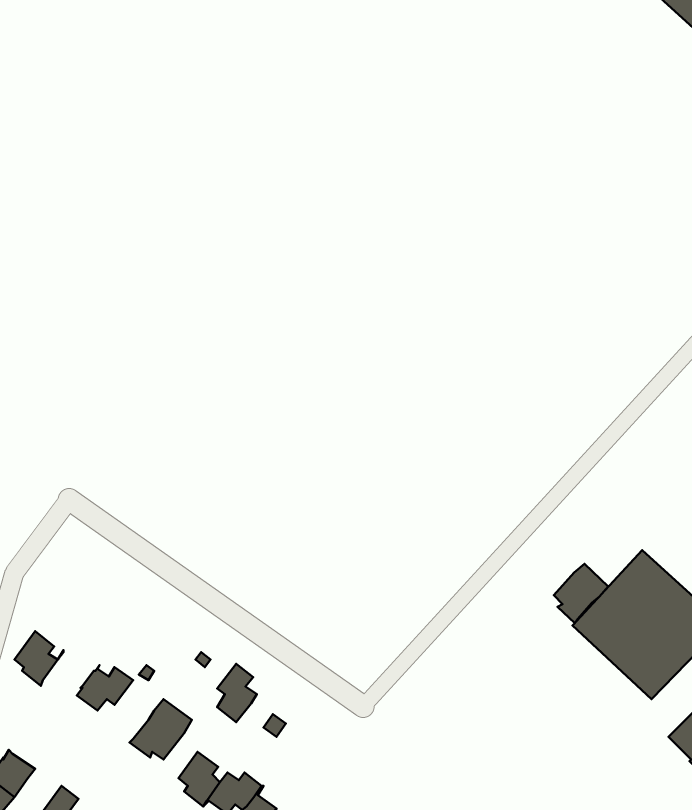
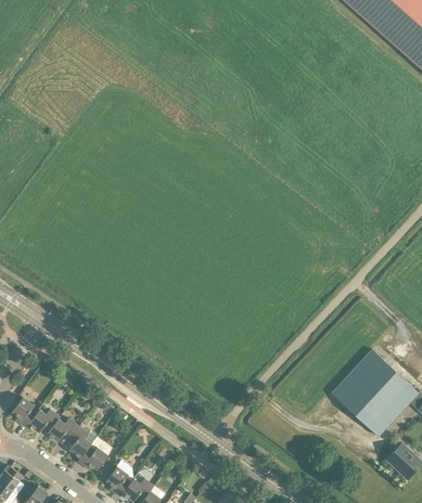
building: [554,564,608,623] -> none
building: none -> [25,409,59,434]
building: [217,664,257,722] -> [67,425,90,459]

